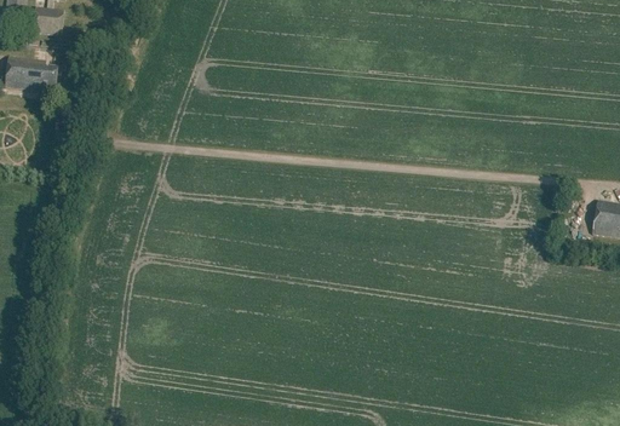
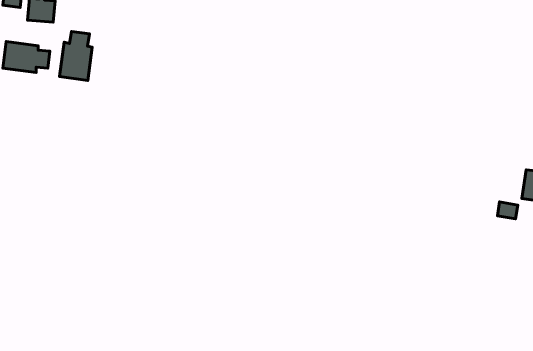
building: none -> [60,32,92,80]

